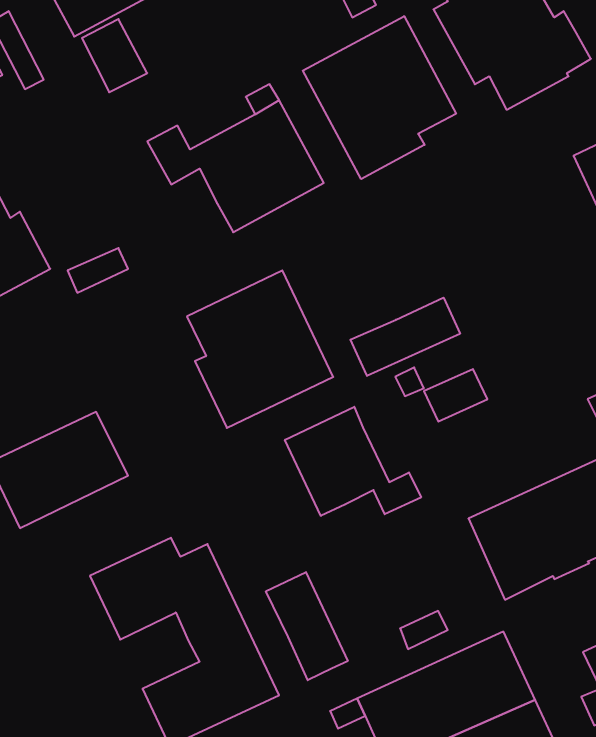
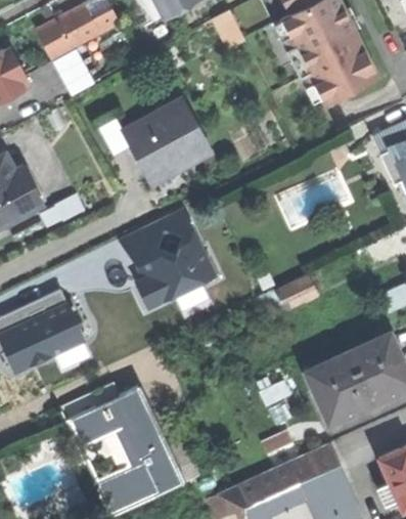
building: [303,16,456,179] -> none
building: [350,298,460,376] -> none
building: [285,407,421,516] -> none
building: [266,572,348,680] -> none

